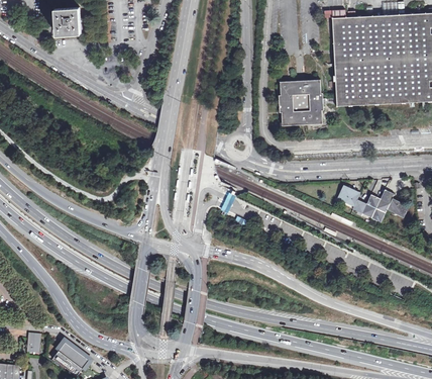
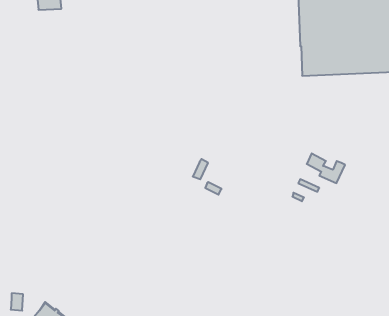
building: [278,78,322,124] -> none
building: [371,189,409,222] -> none

